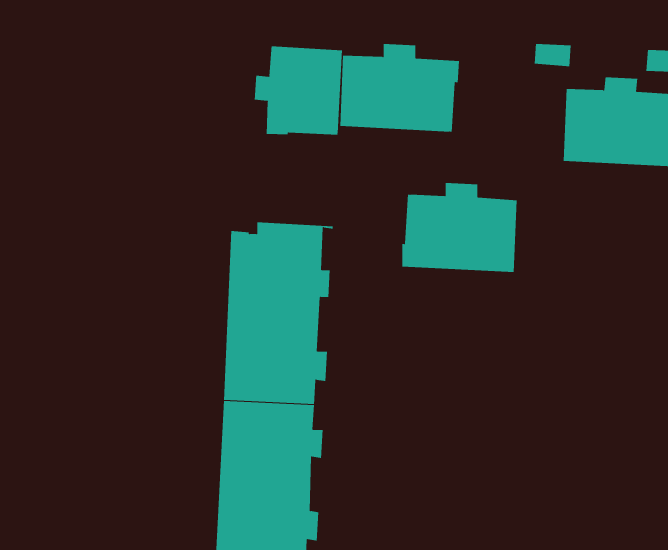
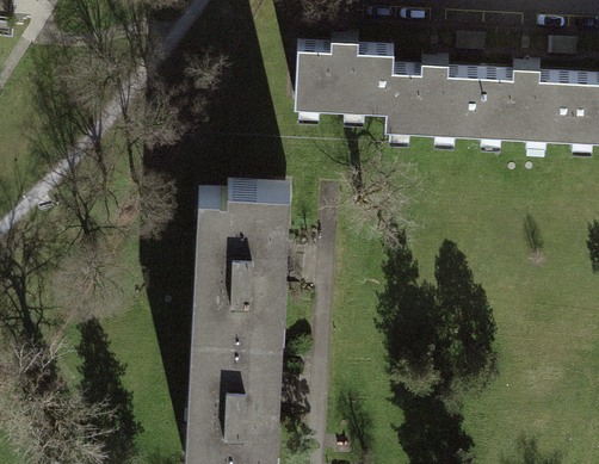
building: [254,45,343,135] -> none
building: [401,183,518,273] -> [385,63,481,137]

